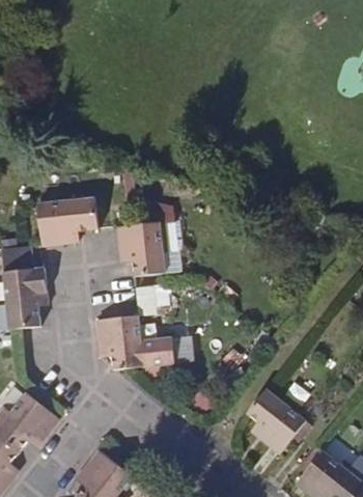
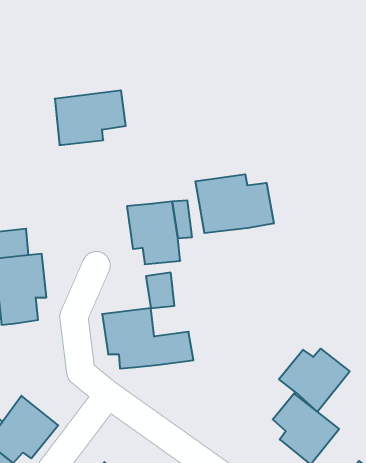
building: [36,197,99,245] -> [55,90,126,145]
building: none -> [195,174,274,233]
building: none -> [279,349,350,412]

